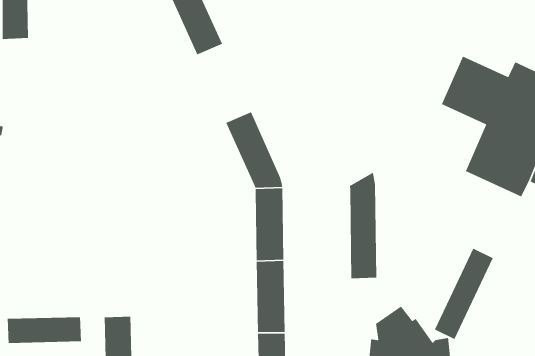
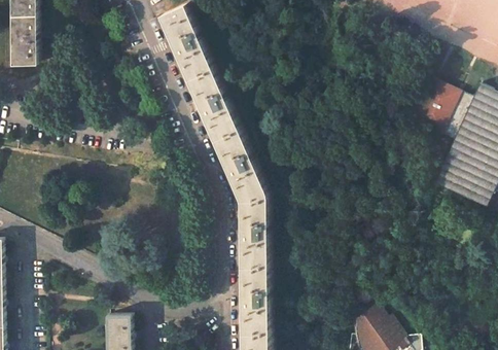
building: none -> [189,66,239,137]
building: [349,171,377,279] -> none
building: [434,248,494,340] -> none
building: [7,316,82,344] -> none

